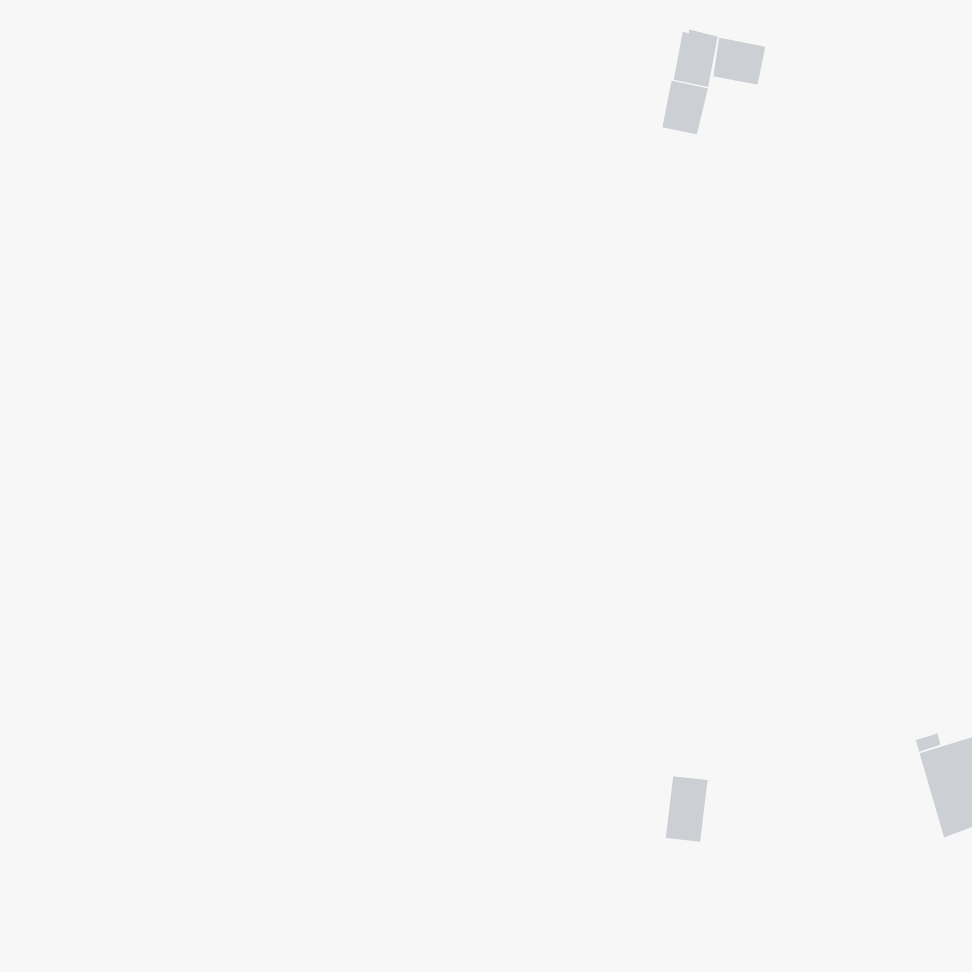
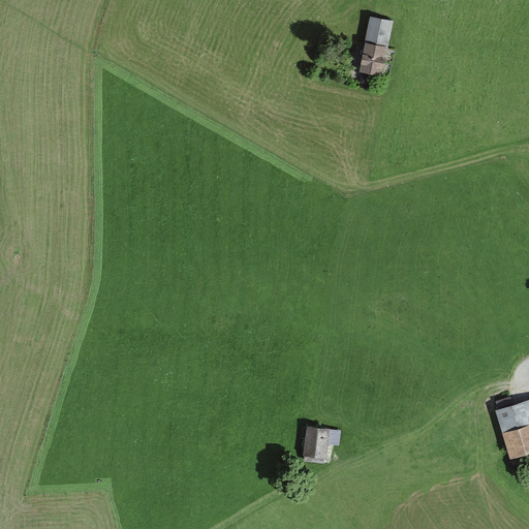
building: [712,37,766,86] -> none
building: [665,776,709,842] -> [304,427,328,463]

